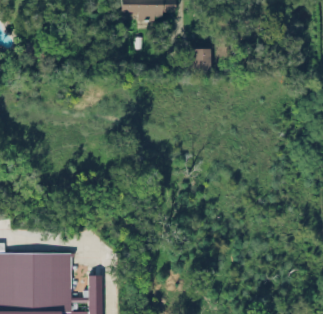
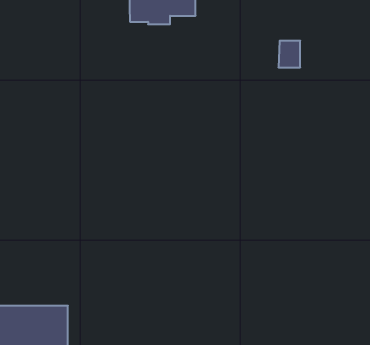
building: [192,50,210,72] -> [278,41,300,67]

